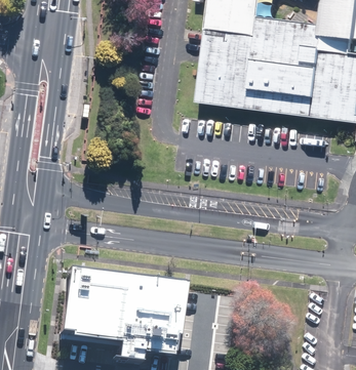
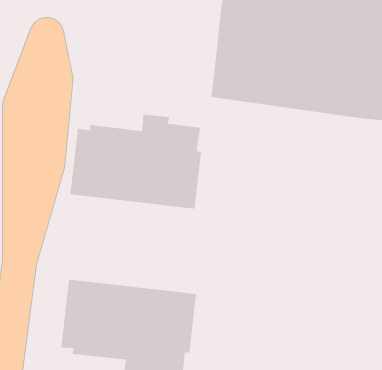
building: none -> [70,114,202,209]

